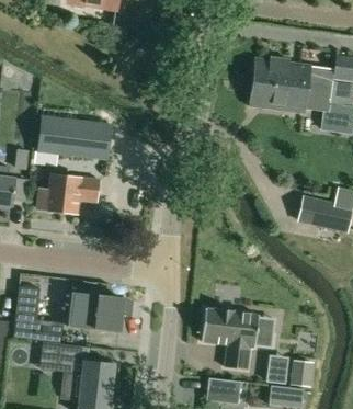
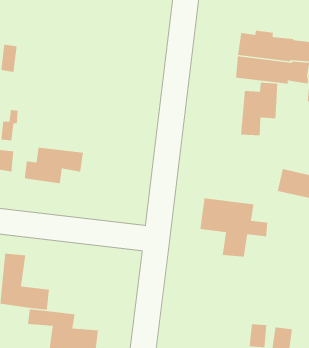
building: none -> [240,82,278,136]
building: [36,115,111,160] -> none
building: [67,293,121,332] -> none
building: [202,308,272,370] -> [199,198,268,258]

